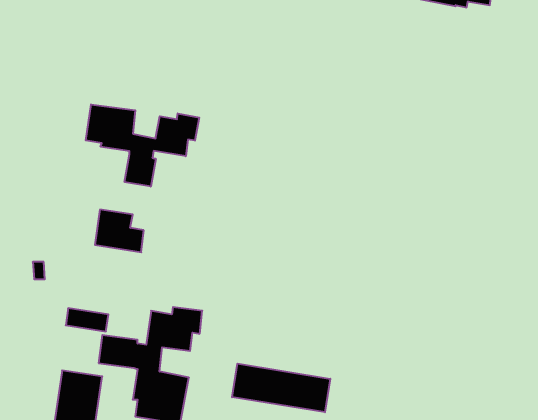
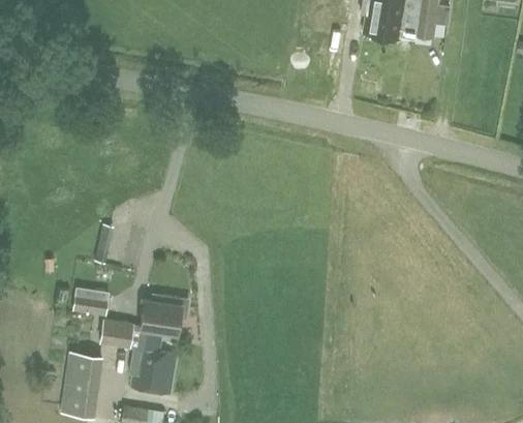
building: [86,104,199,187] -> none
building: [232,364,330,412] -> none

